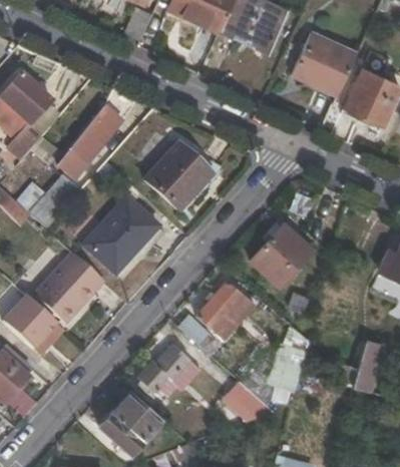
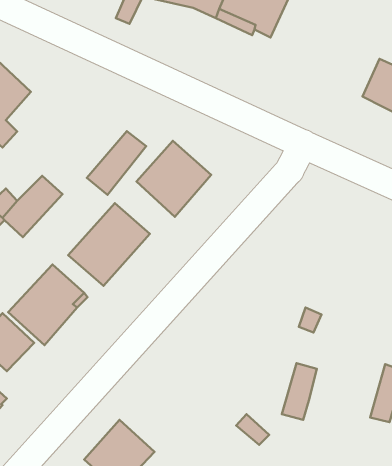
building: [293,34,356,92] -> none
building: [69,108,121,164] -> [87,131,146,195]
building: [251,223,312,286] -> none
building: [179,282,256,352] -> none
building: [138,345,188,391] -> none

